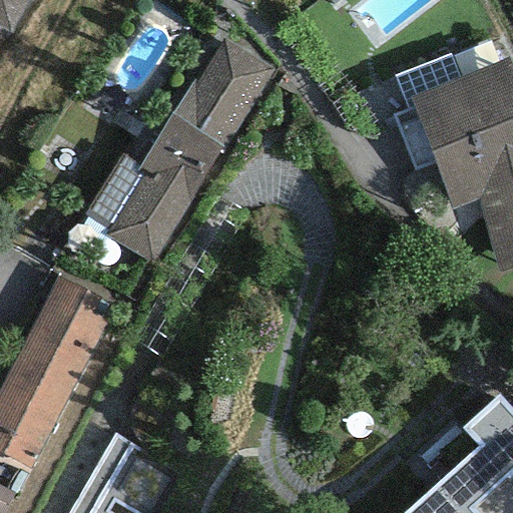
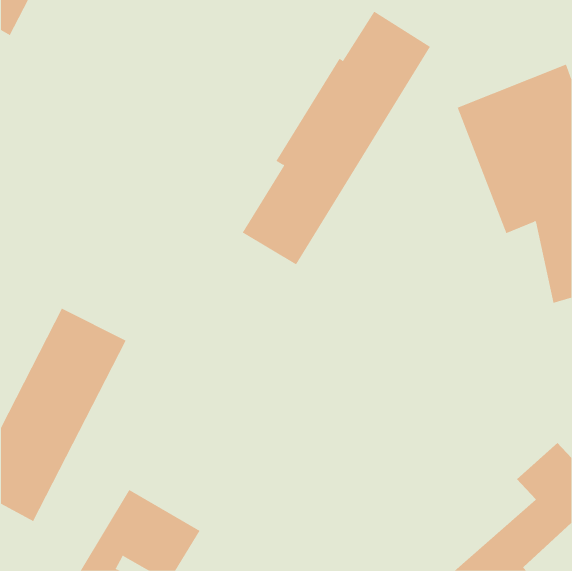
building: [104,37,274,265] -> [242,11,431,265]

